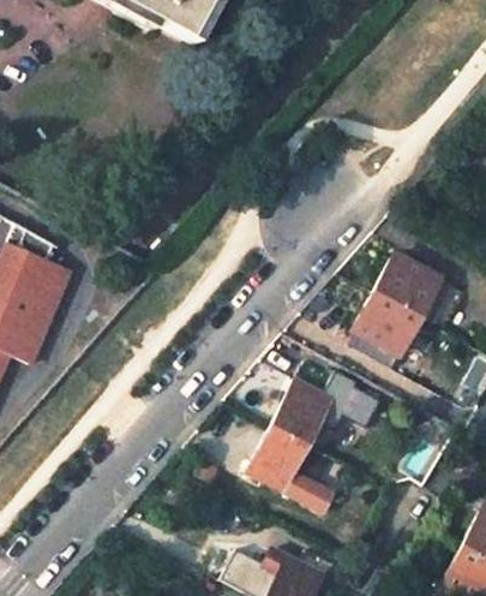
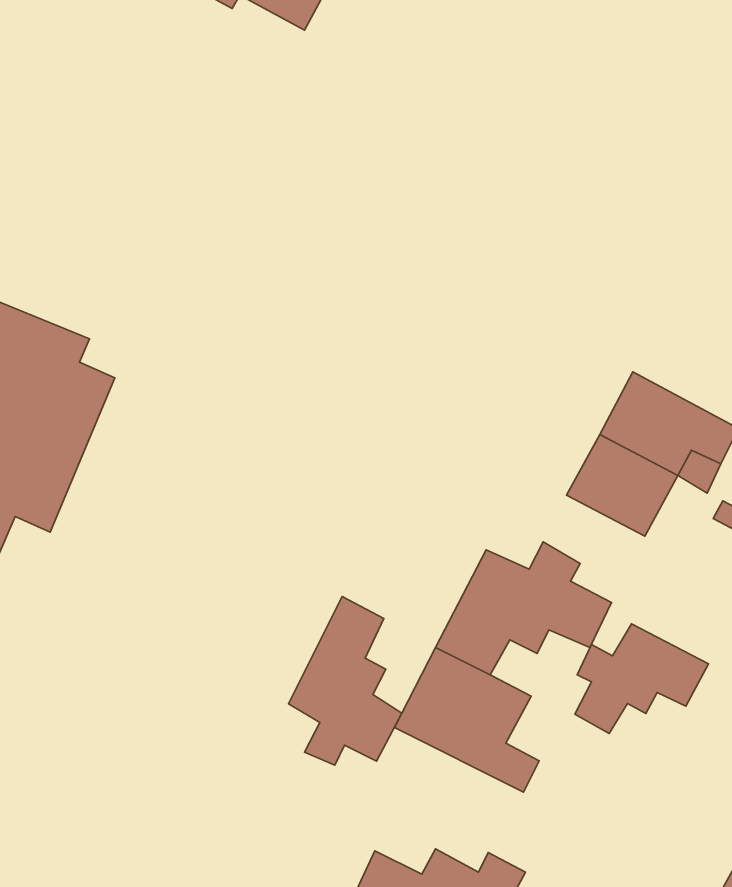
building: none -> [288,596,402,765]
building: none -> [575,624,709,733]

